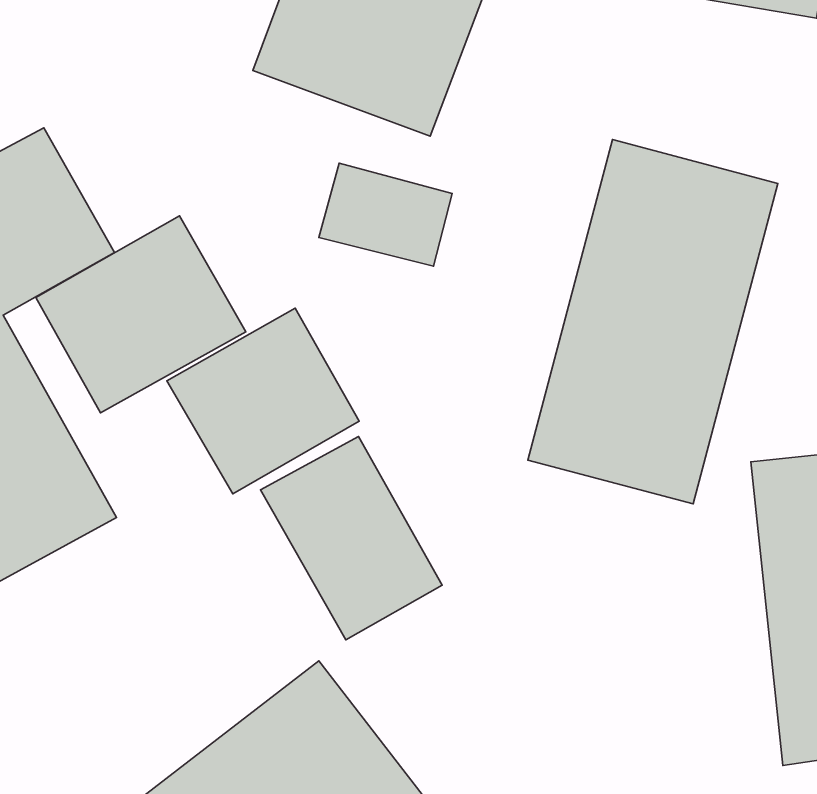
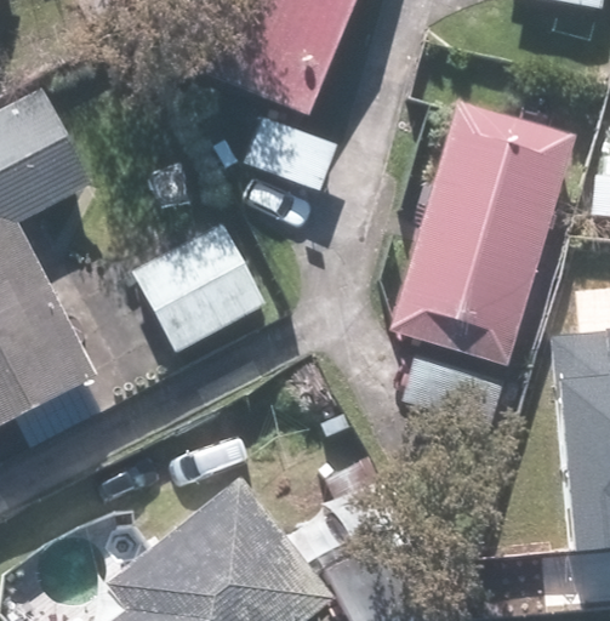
building: [36,216,246,413] -> none
building: [261,436,442,640] -> none

